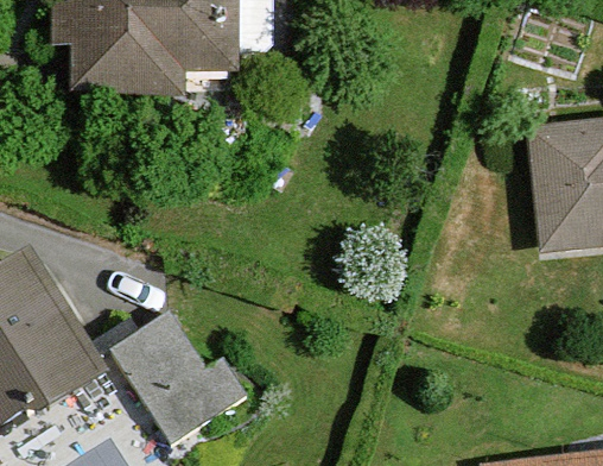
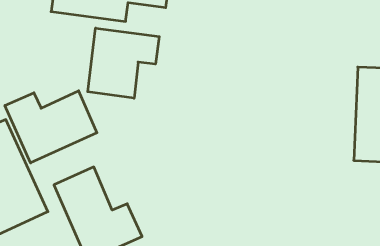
building: none -> [88,28,159,98]
building: none -> [5,91,97,163]

